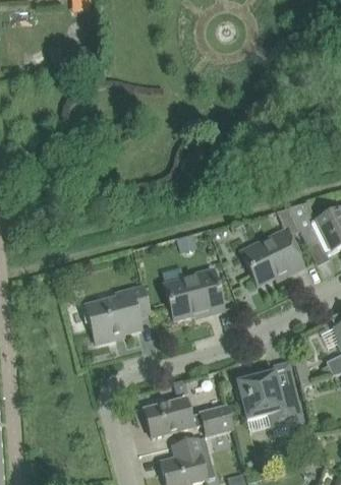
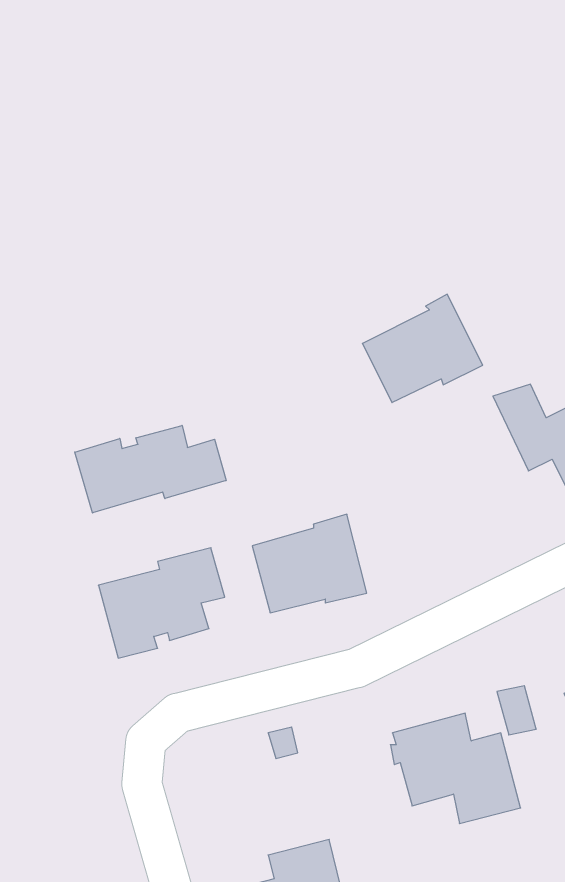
building: none -> [75,425,226,513]
building: [242,228,304,284] -> [362,294,483,403]
building: [145,396,234,436] -> none

